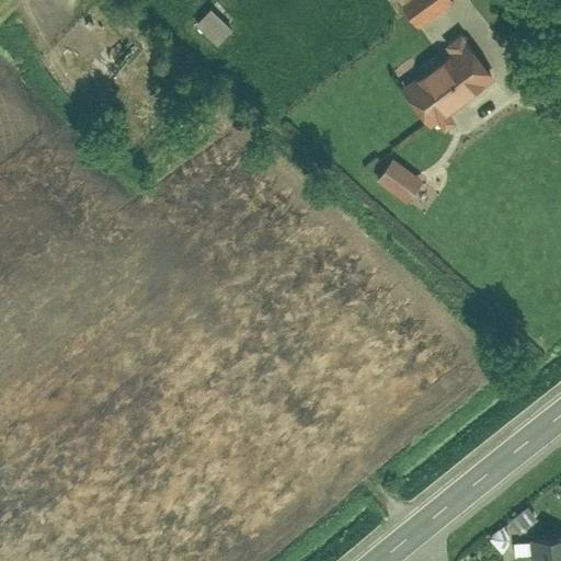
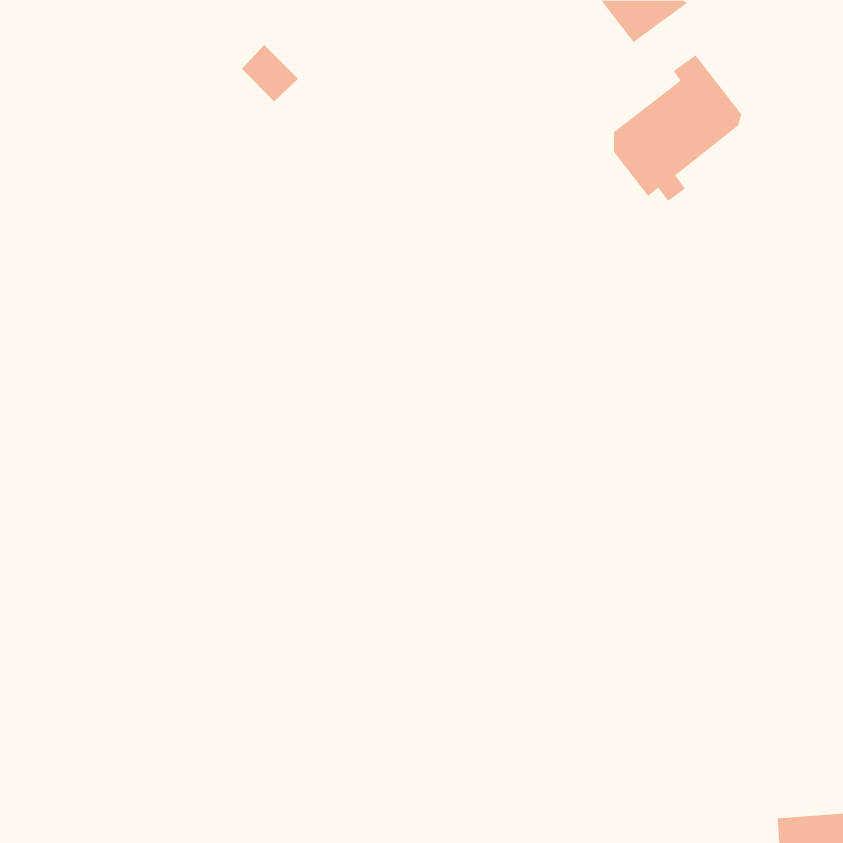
building: [191,5,229,44] -> [241,44,299,102]
building: [374,158,423,203] -> none

